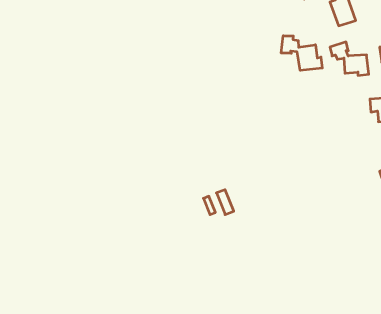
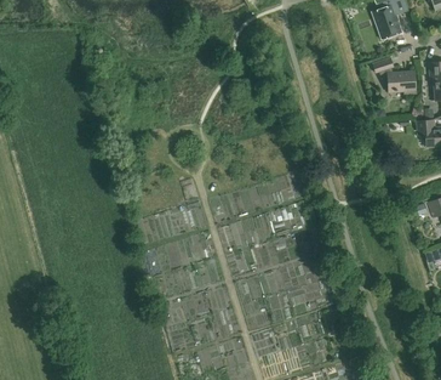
building: [281,36,322,70] -> none

